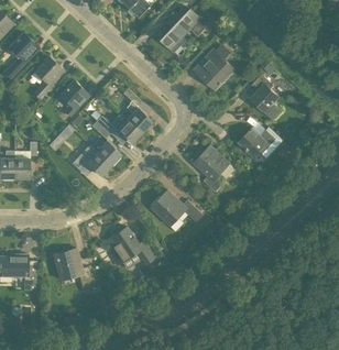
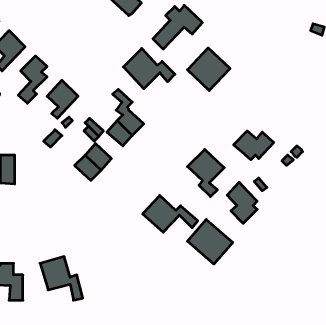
building: none -> [123,48,175,89]
building: [250,74,281,119] -> none
building: none -> [227,182,257,223]
building: none -> [187,219,233,264]
building: [107,226,155,264] -> none

